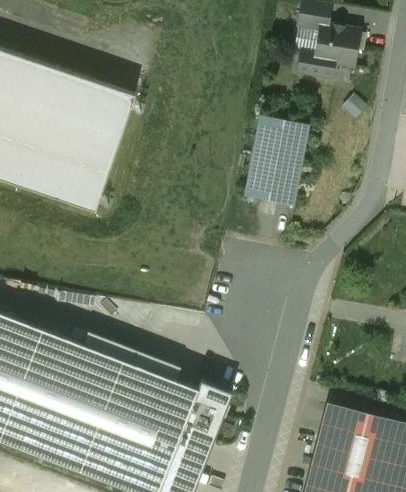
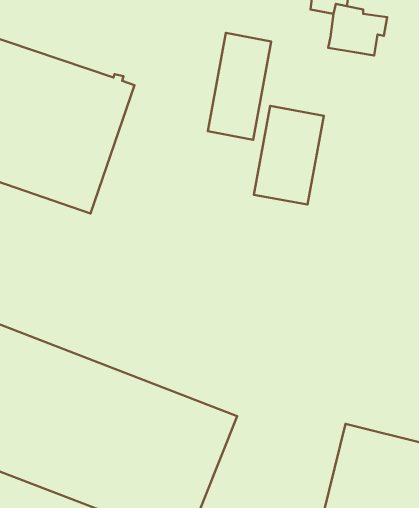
building: none -> [208,33,271,140]
building: [295,50,336,81] -> none

